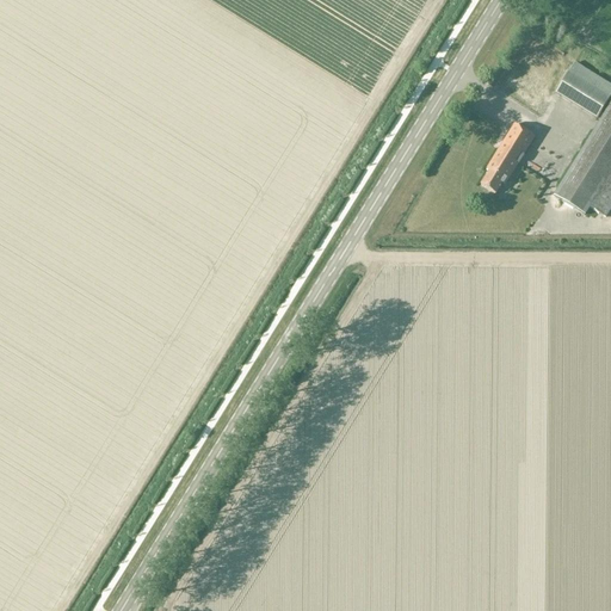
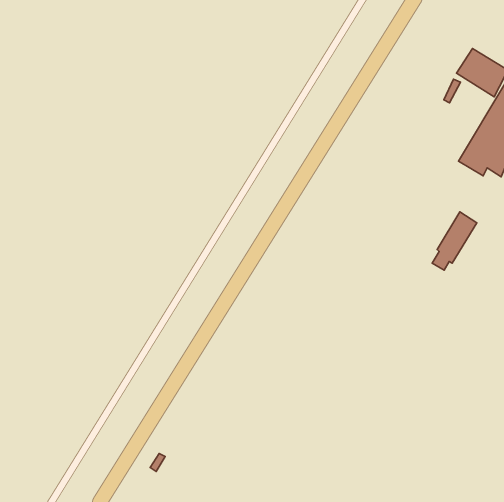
building: [481,122,535,192] -> [432,212,477,270]

